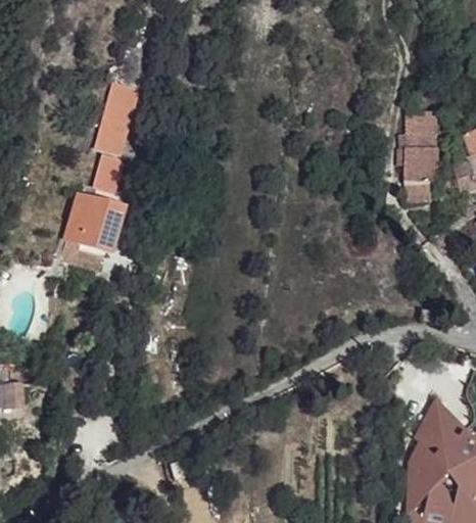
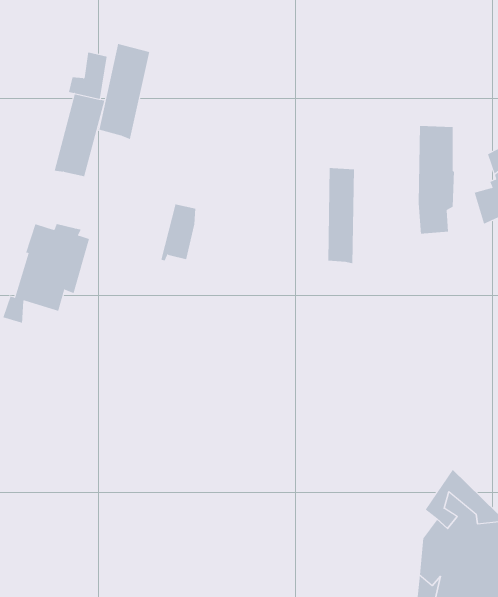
building: none -> [99,43,150,140]
building: none -> [328,167,354,264]
building: [90,150,121,199] -> [161,204,196,261]

